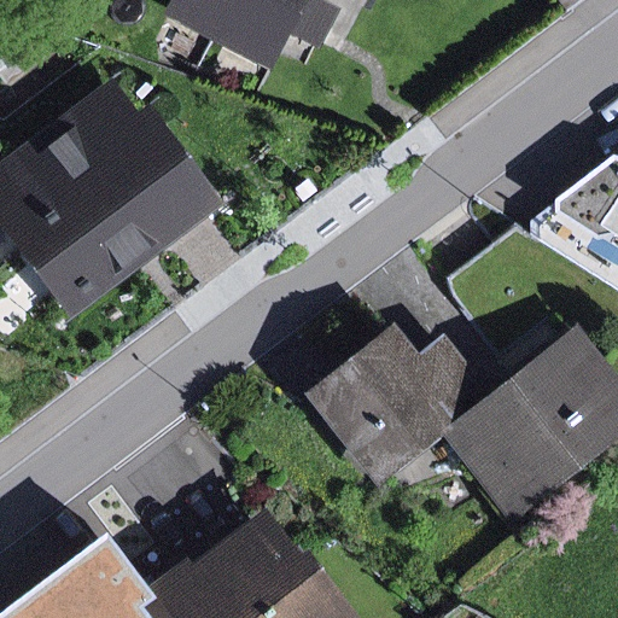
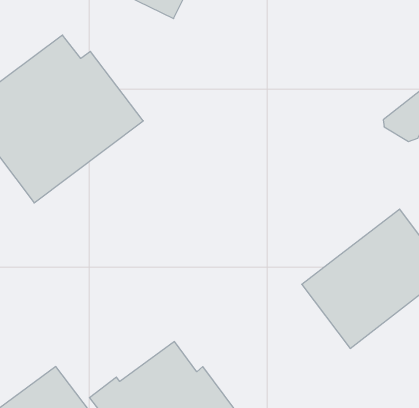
building: [308,327,491,483] -> none

